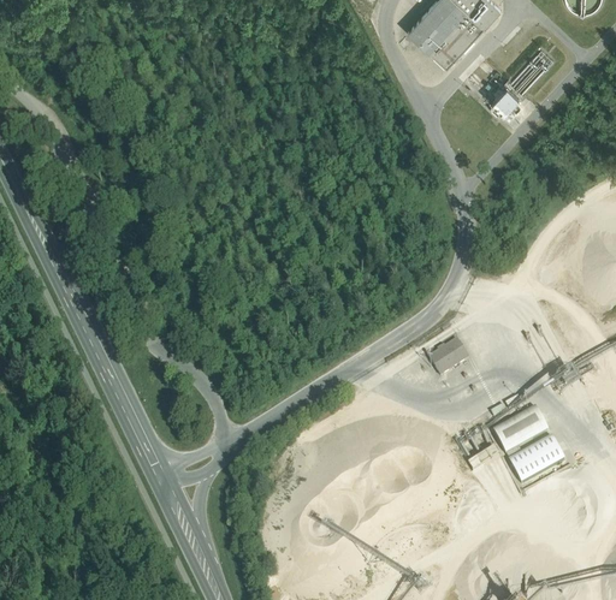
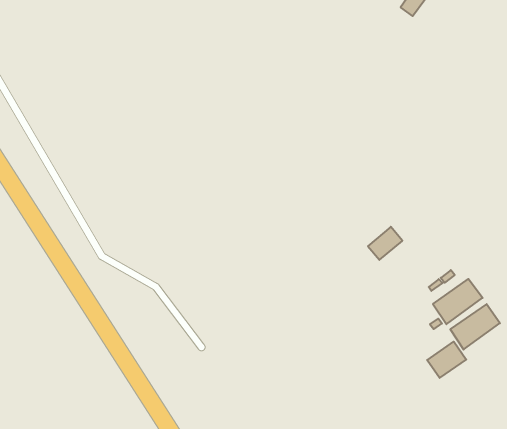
building: none -> [427,342,466,378]

